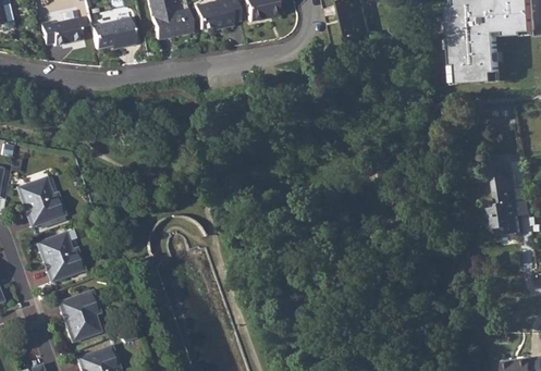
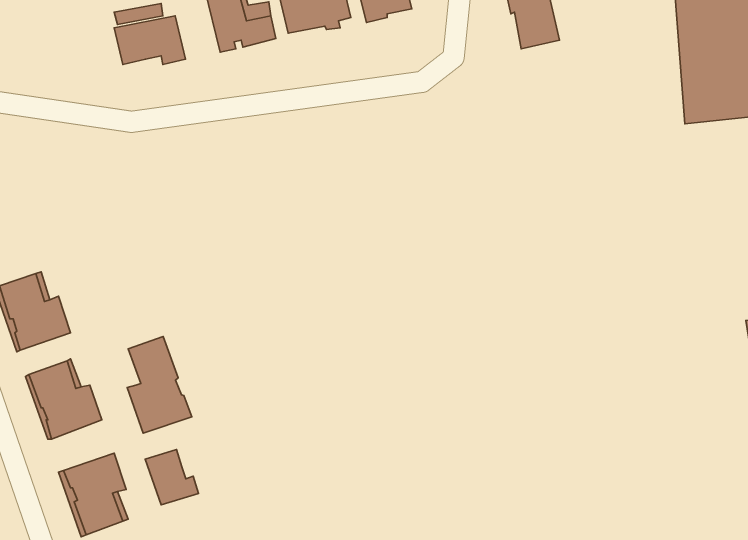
building: [41,17,83,45] -> none
building: none -> [127,337,192,433]
building: none -> [145,449,198,505]

